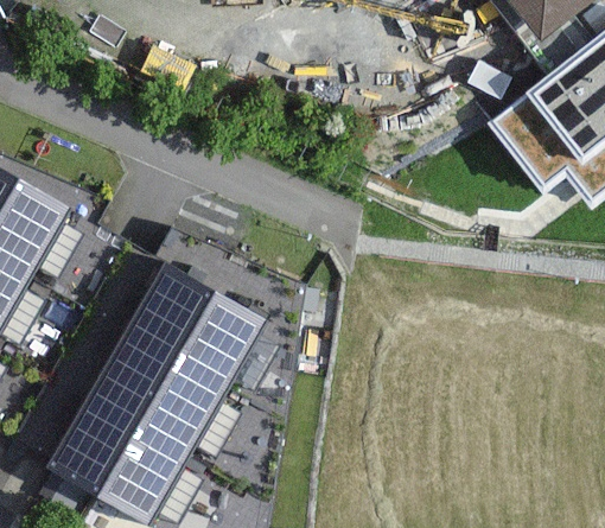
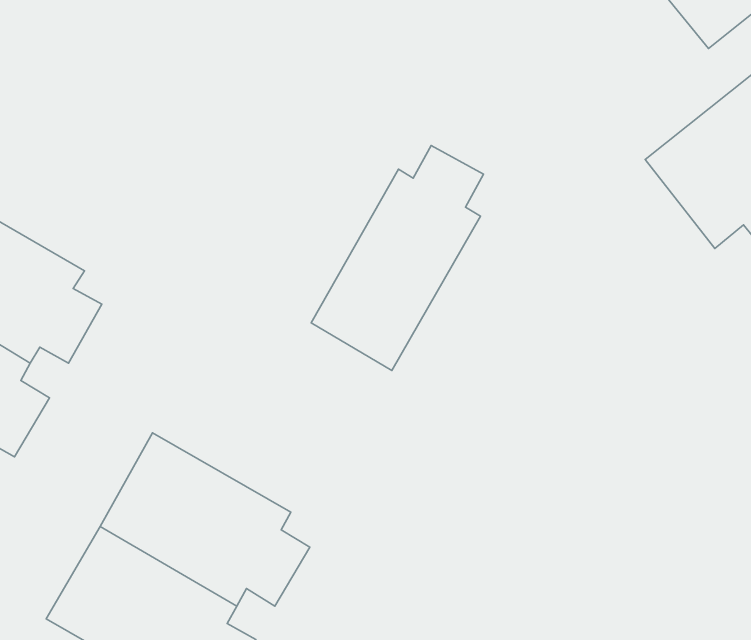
building: none -> [311,145,484,371]
building: [125,260,281,388] -> none

